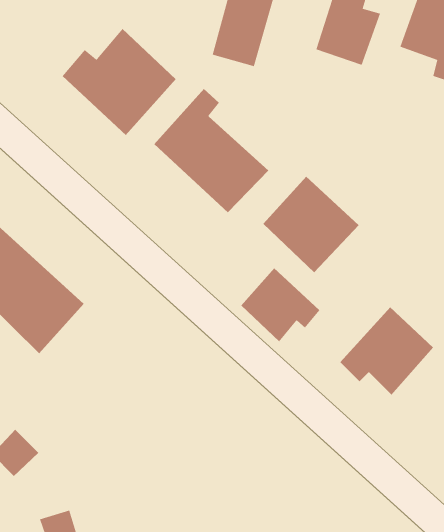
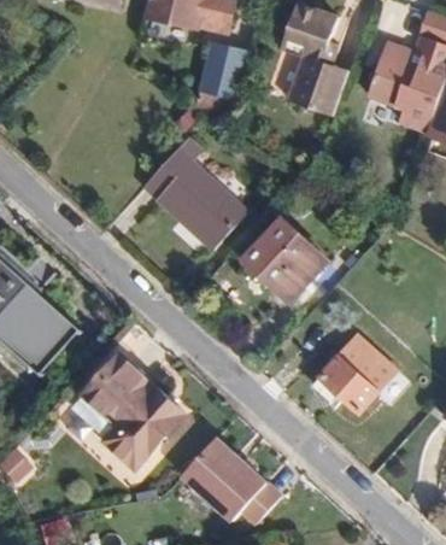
building: [62,28,177,136] -> none
building: [240,268,320,342] -> none
building: none -> [74,353,184,468]
building: none -> [180,435,283,527]

